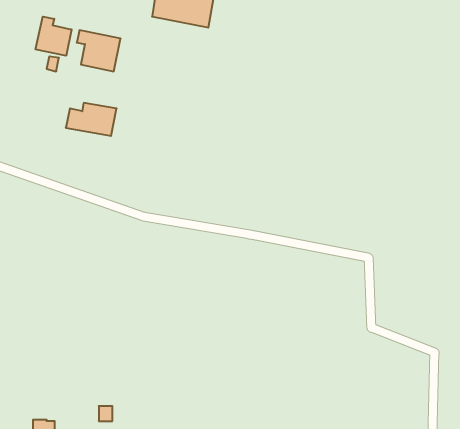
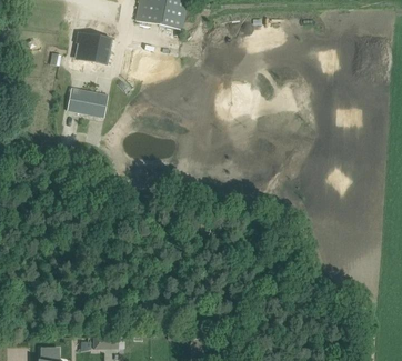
building: [36,17,72,56] -> none

